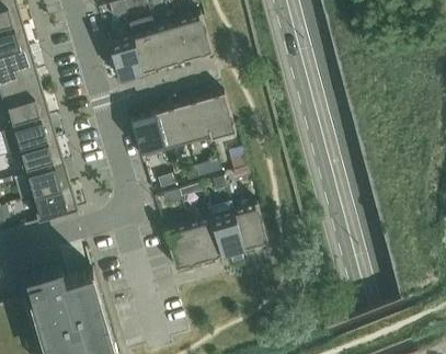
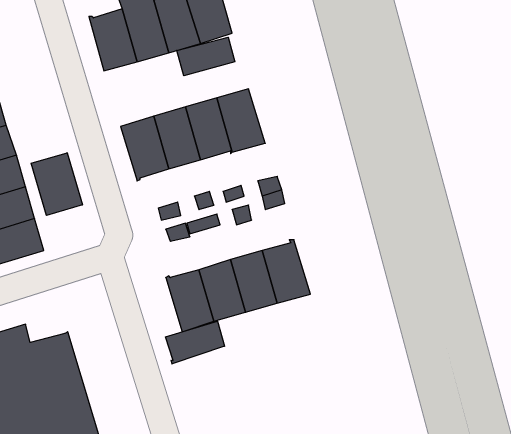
building: none -> [177,37,235,76]
building: none -> [31,153,82,215]
building: none -> [165,321,225,364]

